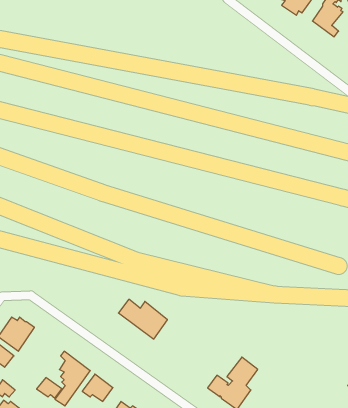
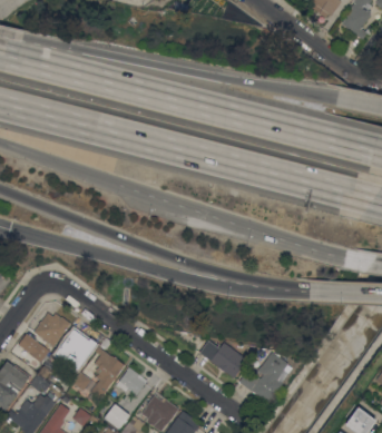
building: [118,299,167,339] -> [199,339,247,378]
building: none -> [47,336,99,365]

